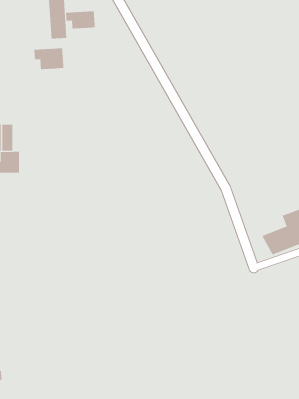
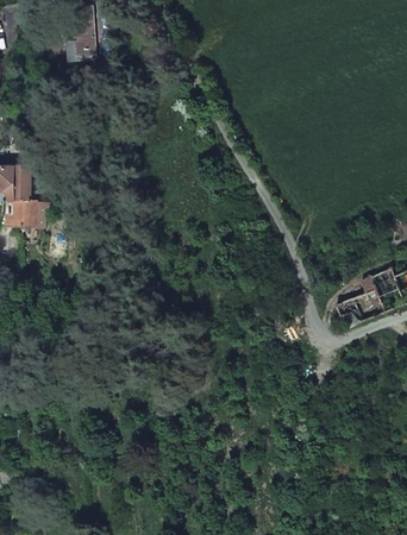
building: [66,10,95,29] -> none
building: [34,47,64,70] -> none

